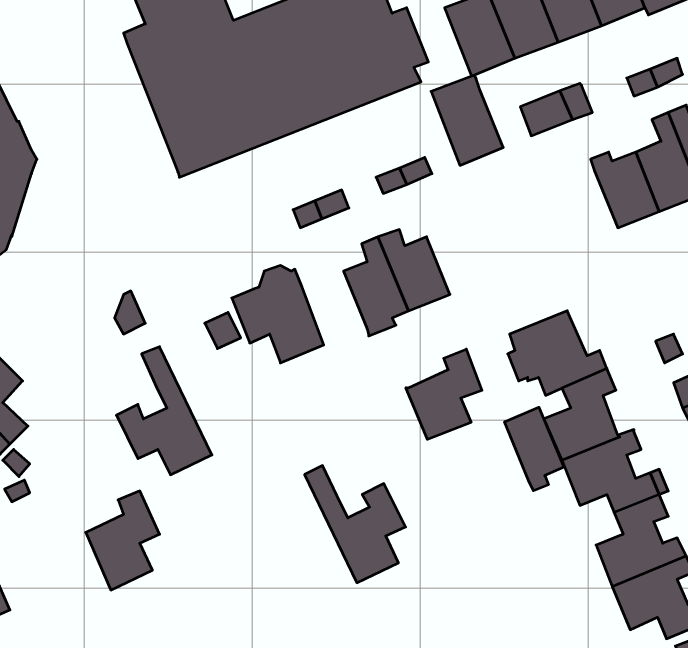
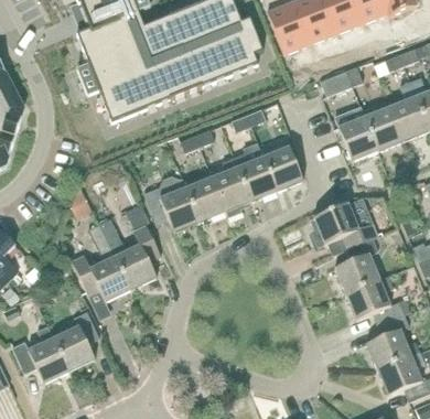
building: [431,75,503,165] -> [335,107,379,162]
building: none -> [262,147,303,192]
building: none -> [186,178,226,223]
building: [406,349,482,439] -> none
building: [505,407,564,491] -> none
building: [305,466,406,583] -> [99,218,161,290]
building: none -> [12,324,69,385]

